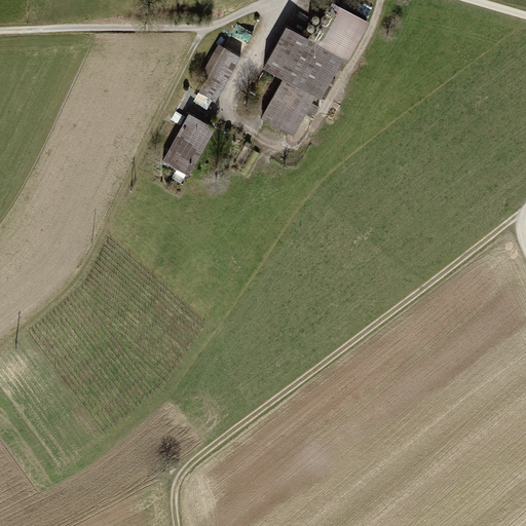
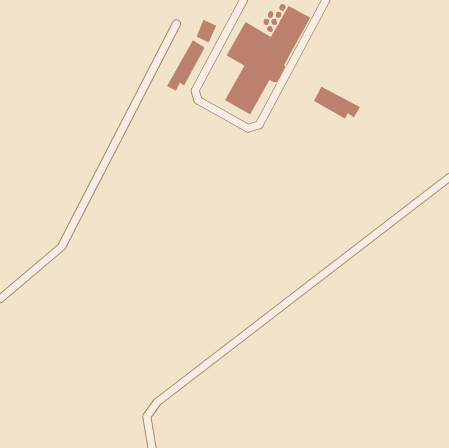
building: none -> [313,86,361,120]
building: [162,106,213,182] -> none

